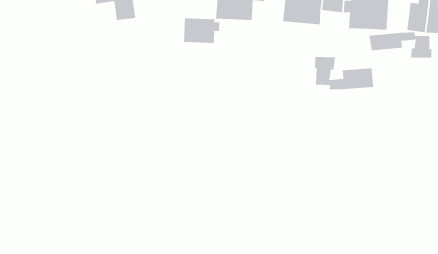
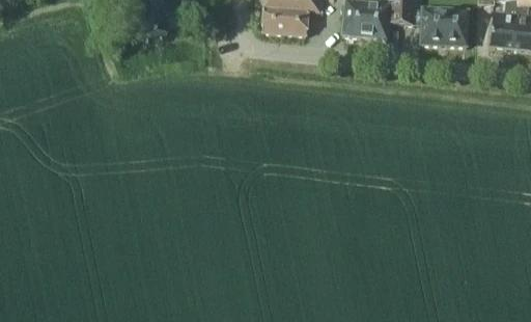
building: [183,17,220,44] -> none
building: [369,31,432,58] -> none
building: [314,56,374,90] -> none

